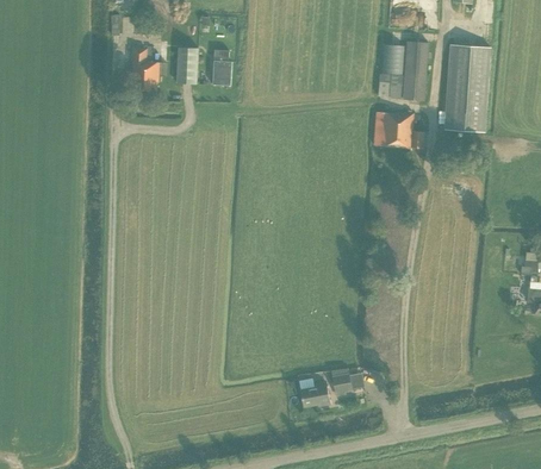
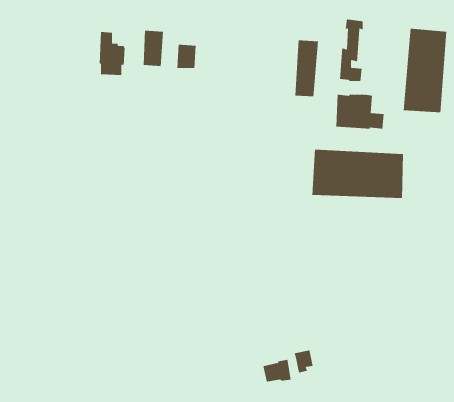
building: [403,40,428,99] -> [294,40,319,97]
building: none -> [312,149,404,199]

